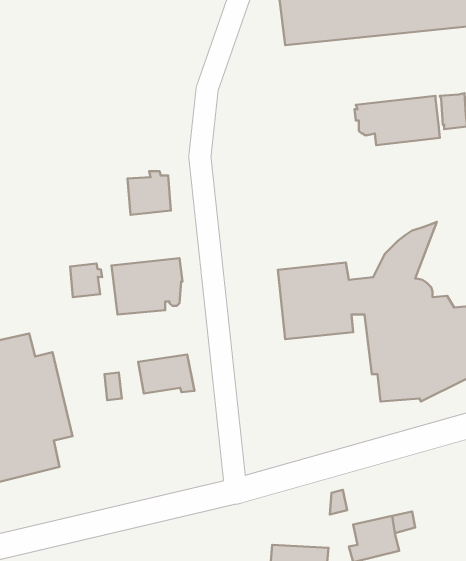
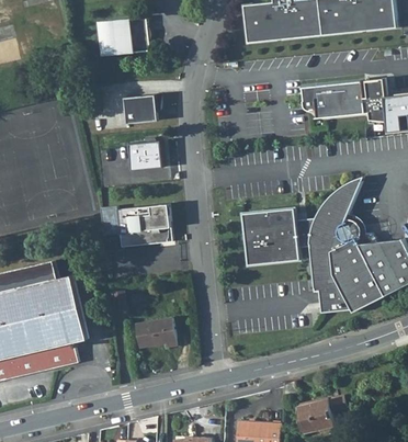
building: none -> [98,16,149,56]
building: none -> [124,94,160,124]
building: [70,264,102,297] -> none
building: [138,355,195,394] -> [134,318,177,348]

